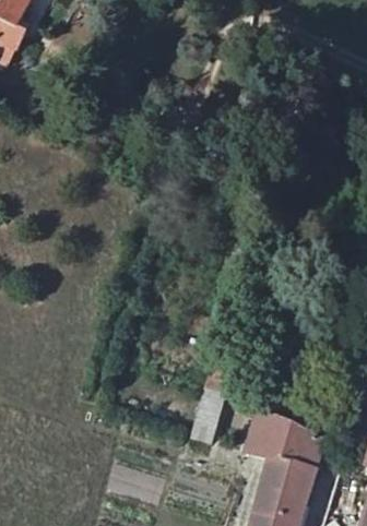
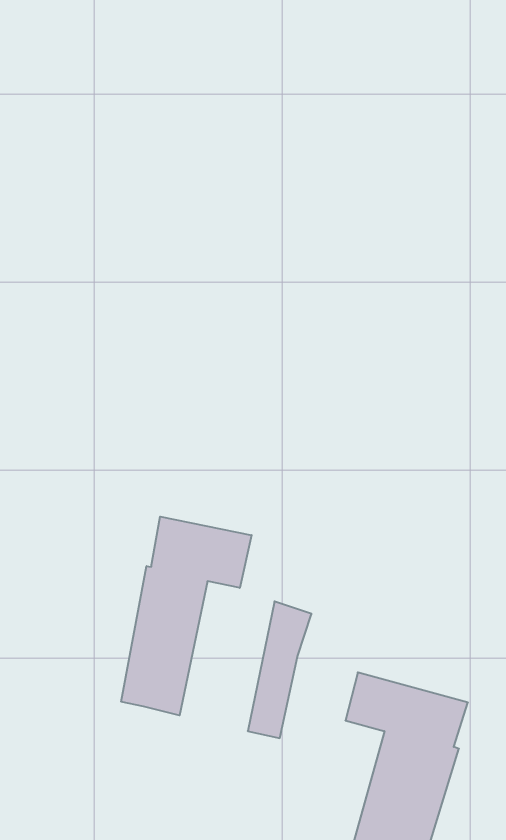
building: none -> [121,517,252,715]

